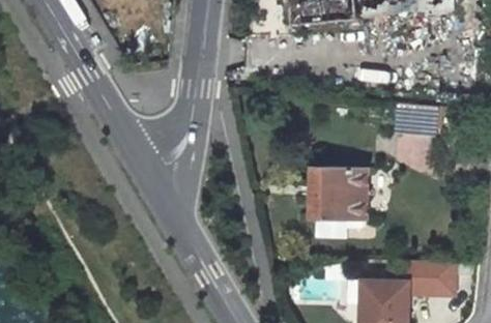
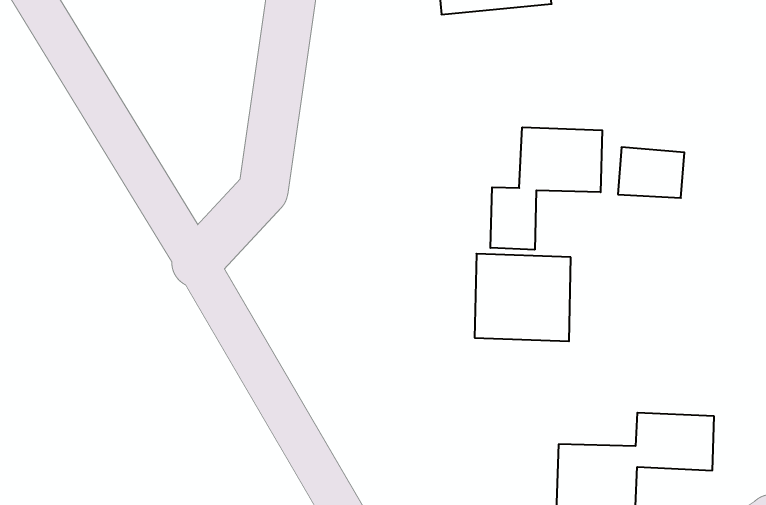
building: none -> [490,127,602,250]

